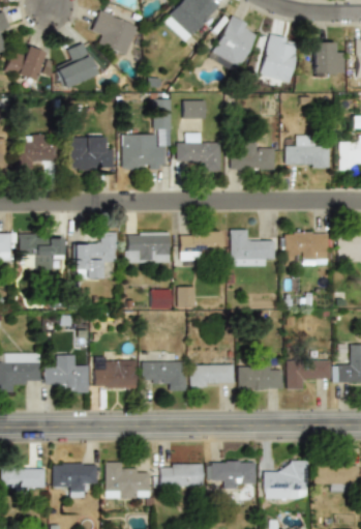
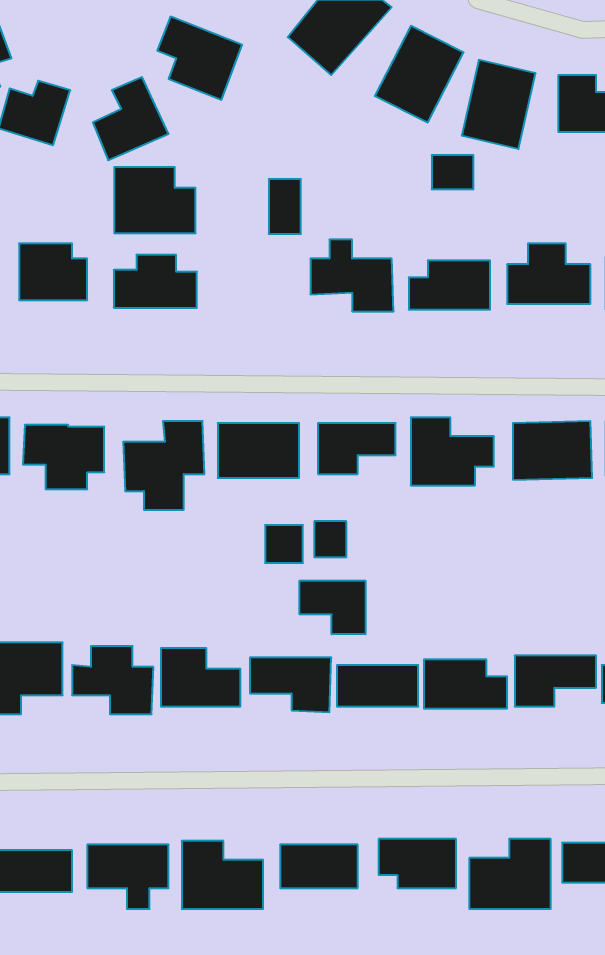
building: [182,100,205,119] -> [432,155,473,189]
building: [122,134,167,170] -> [114,167,196,233]
building: none -> [300,581,365,634]

